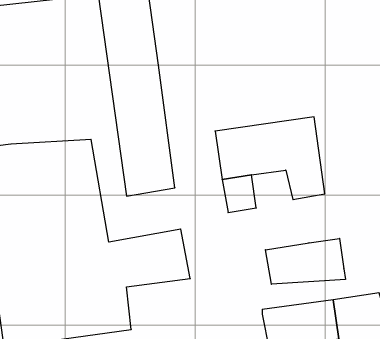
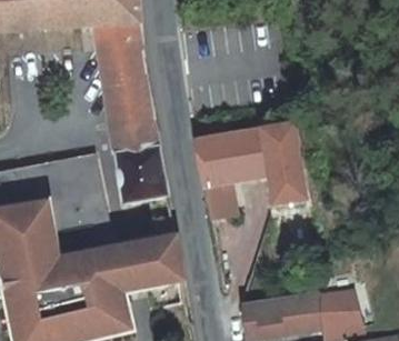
building: [265,238,345,284] -> none

